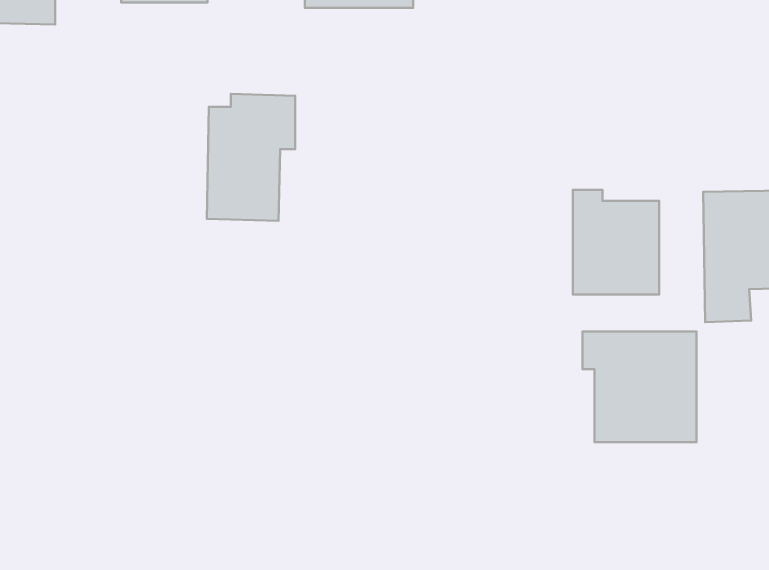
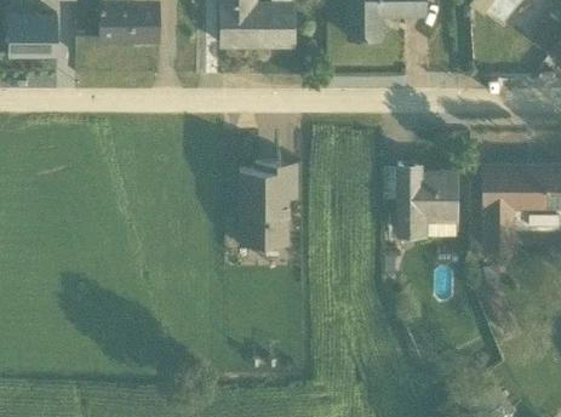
building: [207,94,295,221] -> [240,160,298,244]
building: [582,332,696,442] -> none

